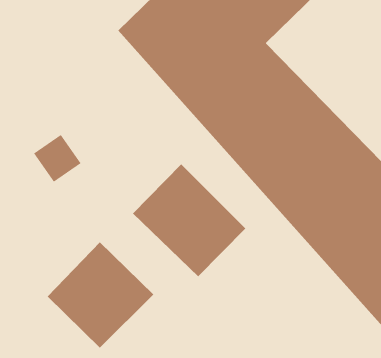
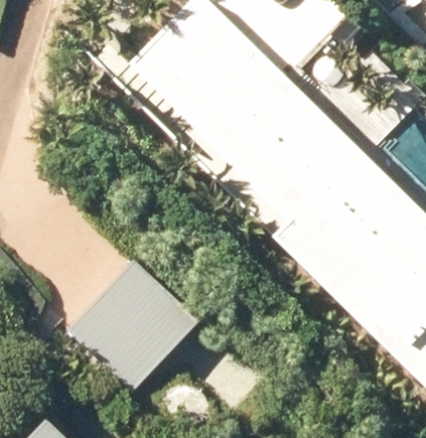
building: [132,164,246,277] -> none

